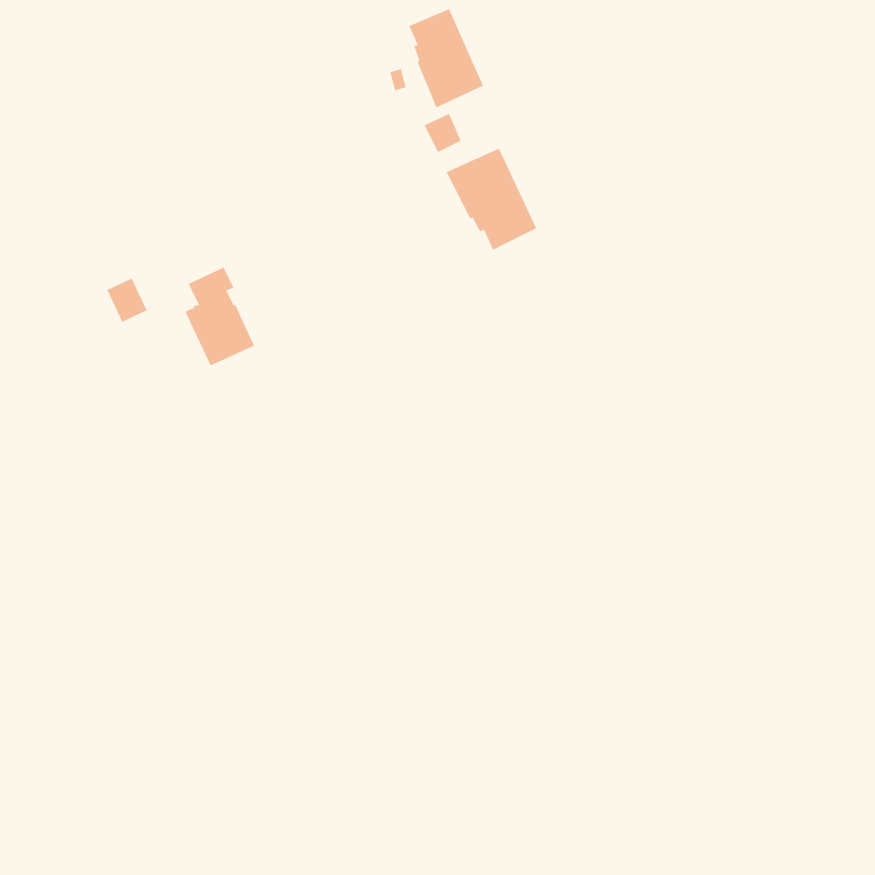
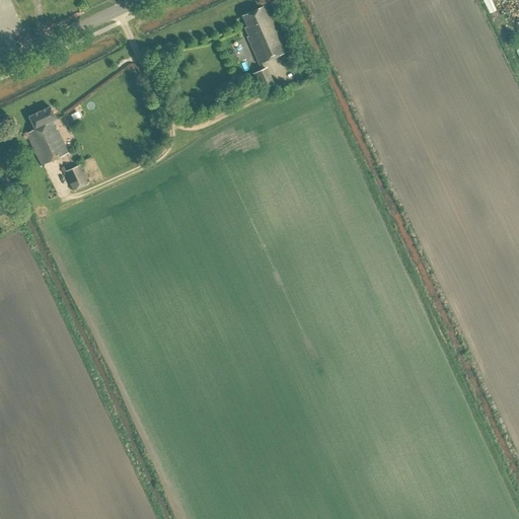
building: [446,148,537,250] -> none
building: [184,267,255,366] -> [25,106,67,165]

